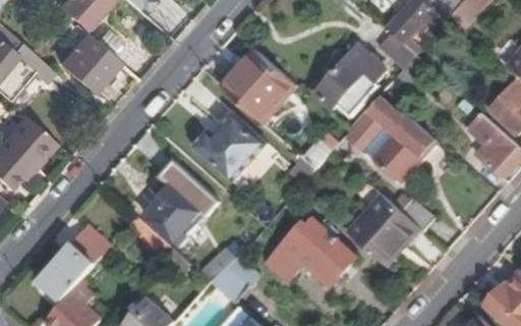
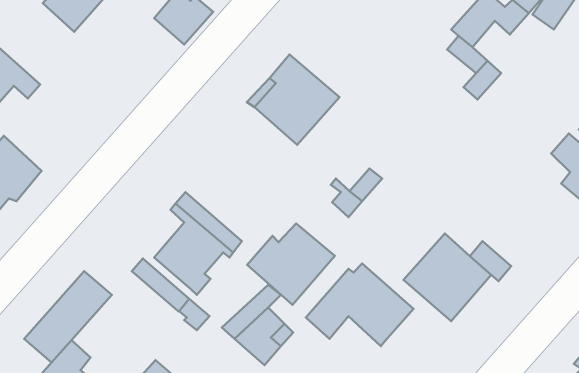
building: [58,34,117,93] -> none
building: [314,45,386,115] -> none
building: [344,92,437,184] -> none
building: [194,114,266,180] -> [247,223,335,305]

